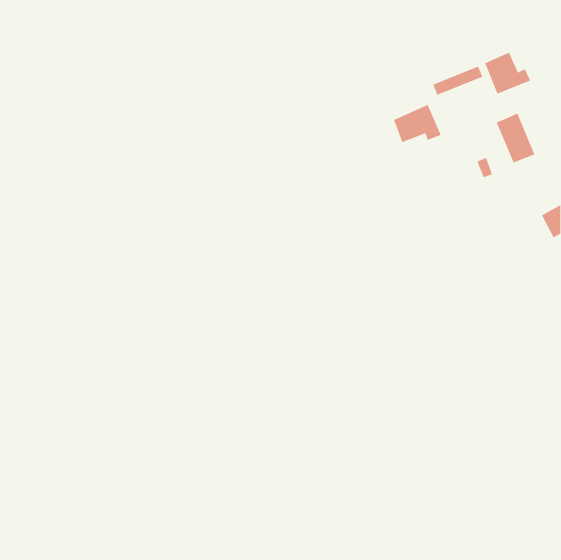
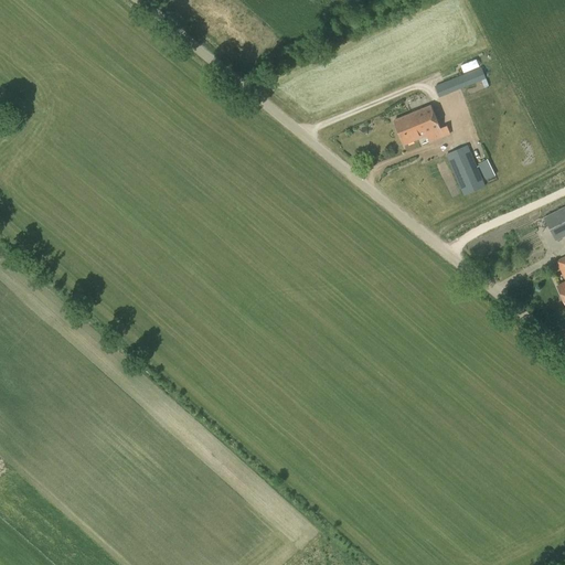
building: [485,52,531,94] -> none
building: [496,113,535,163] -> [446,143,486,194]

